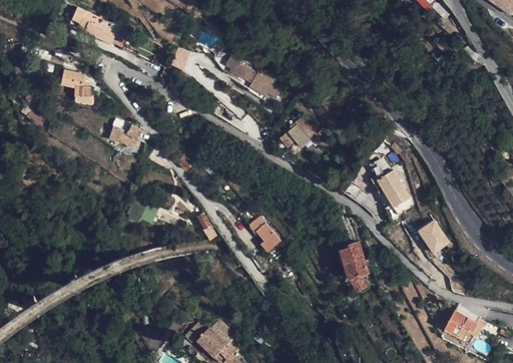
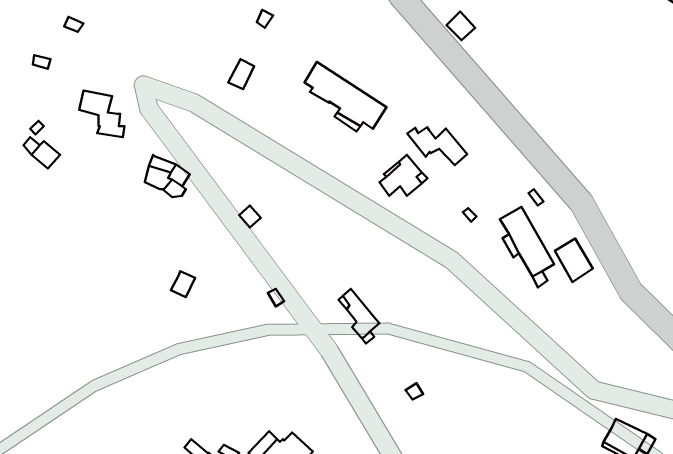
building: [70,8,127,45] -> none
building: none -> [407,127,467,165]
building: [421,218,449,250] -> [555,239,593,282]
building: [340,242,369,293] -> none

